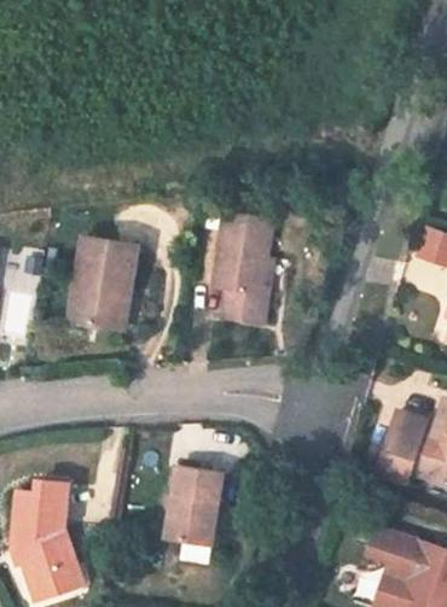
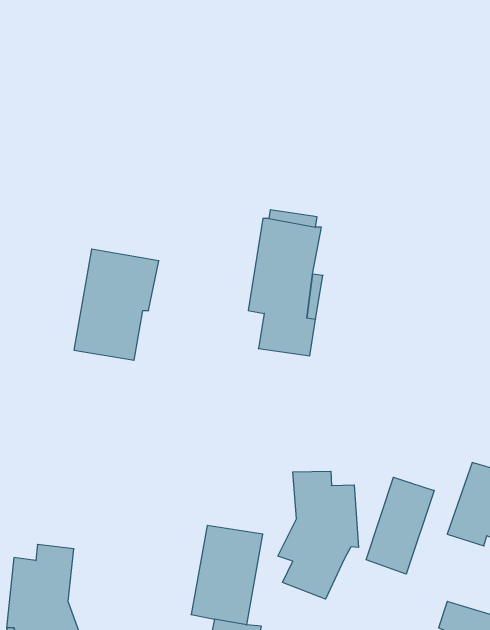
building: none -> [278,471,358,599]
building: none -> [366,477,434,574]

